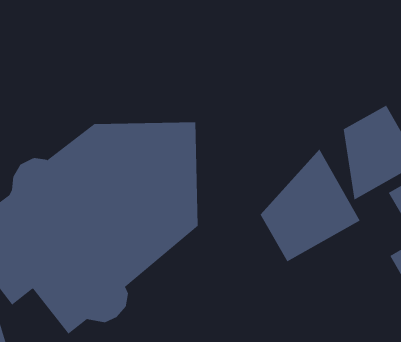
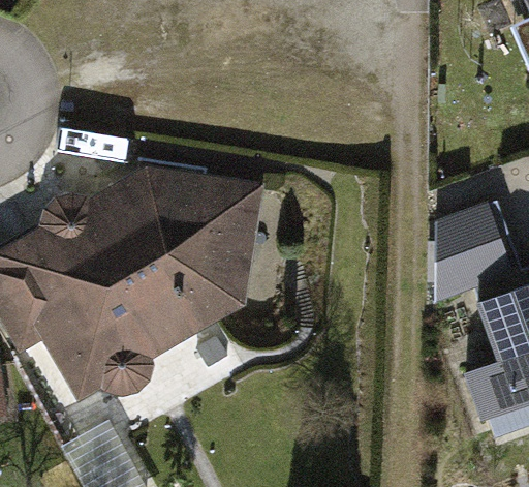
building: [260,148,361,262] -> none

